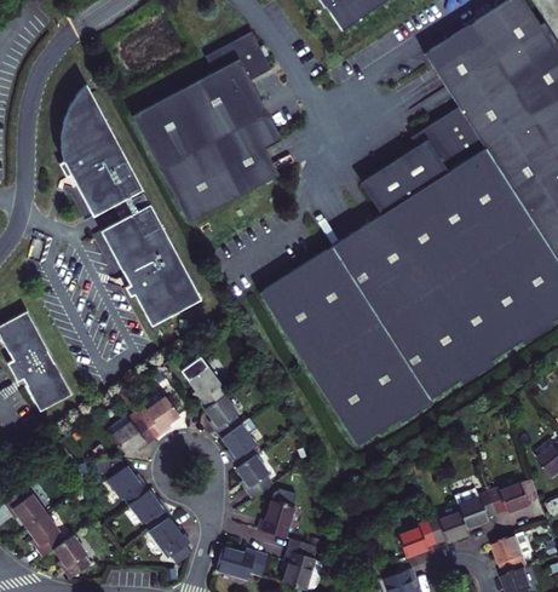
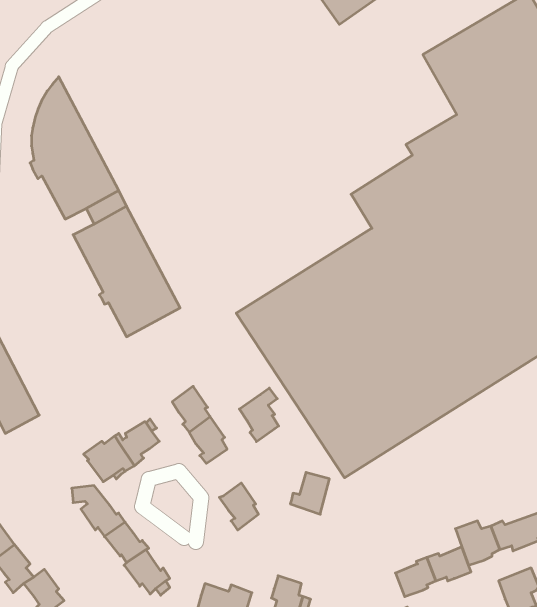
building: [133,33,278,224] -> none
building: [223,415,259,465] -> [239,388,279,442]
building: [257,499,293,538] -> [290,472,329,514]

